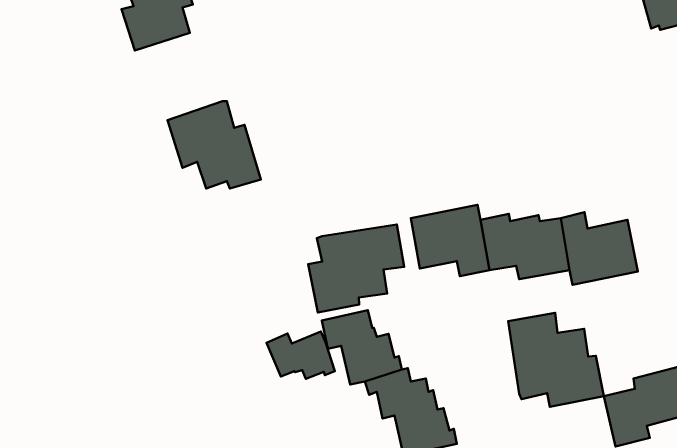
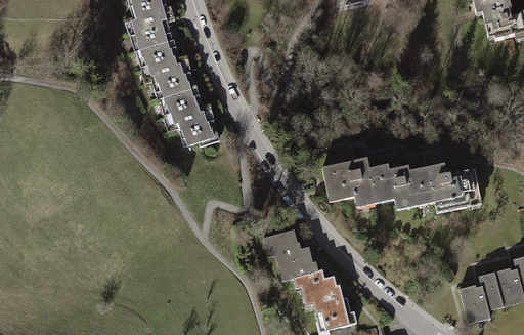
building: none -> [134,38,194,98]
building: [308,225,404,313] -> none
building: [508,313,604,407] -> none
building: [267,331,335,379] -> none

